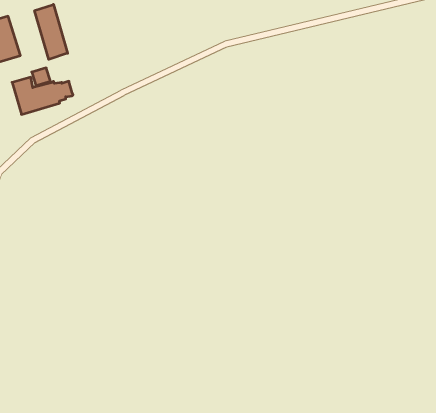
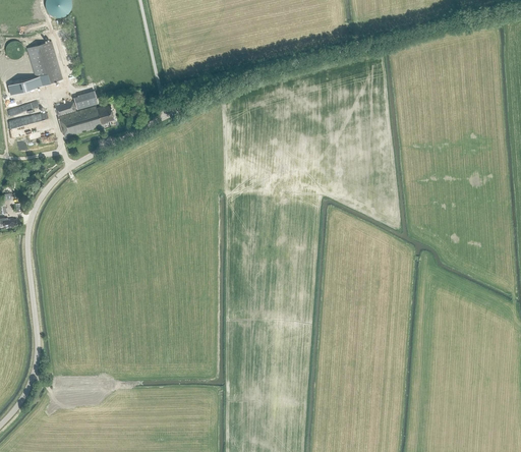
building: [35,4,68,59] -> none

